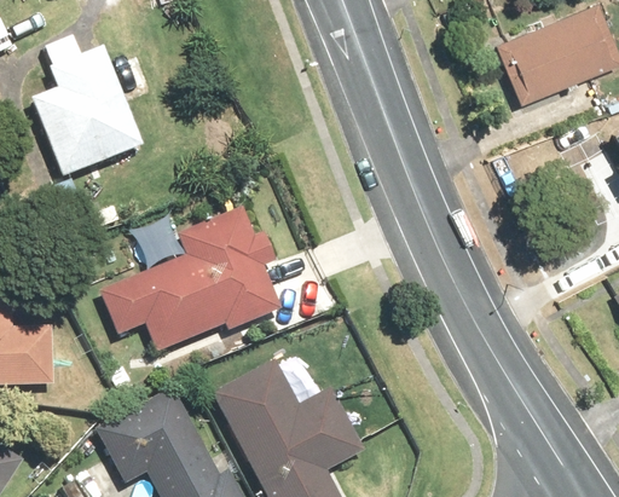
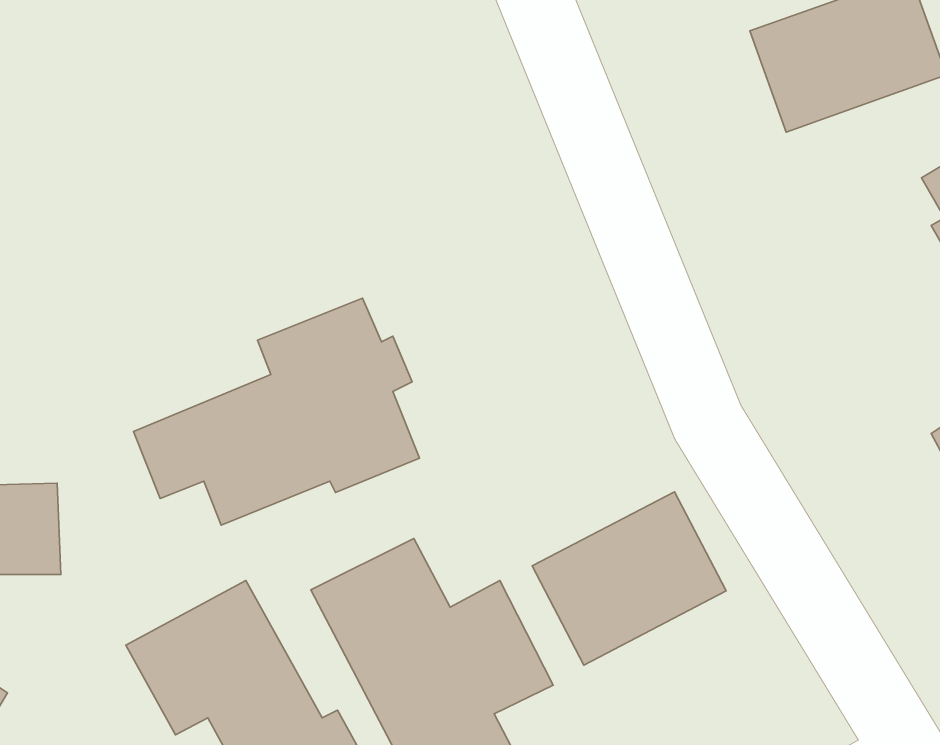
building: [29,45,144,178] -> none
building: none -> [532,492,726,665]

